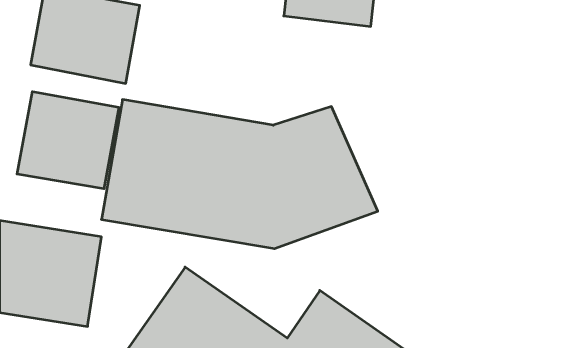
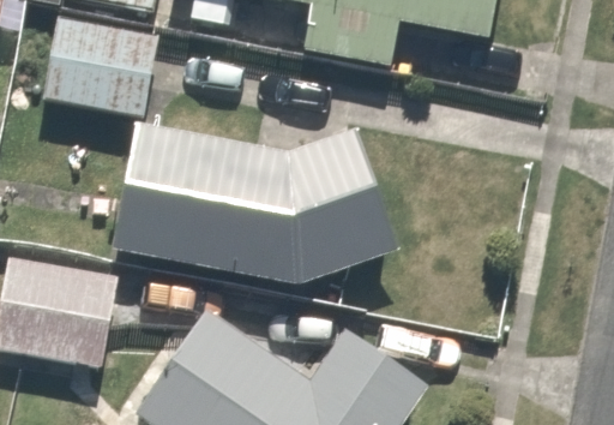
building: [17,92,119,189] -> none

